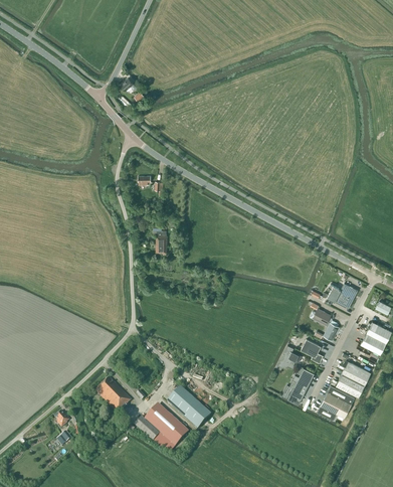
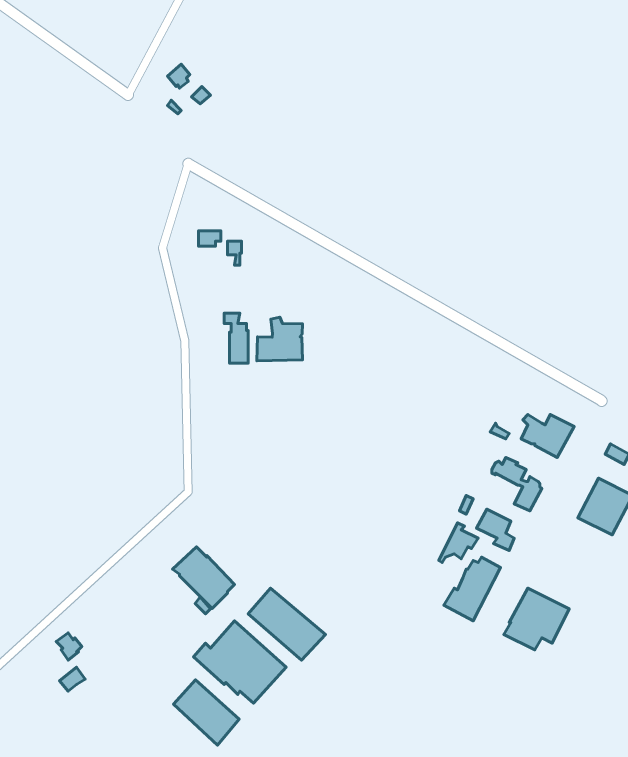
building: none -> [257,317,302,361]
building: [336,359,371,396] -> none
building: [95,377,132,414] -> [173,547,234,609]
building: none -> [174,680,239,745]

